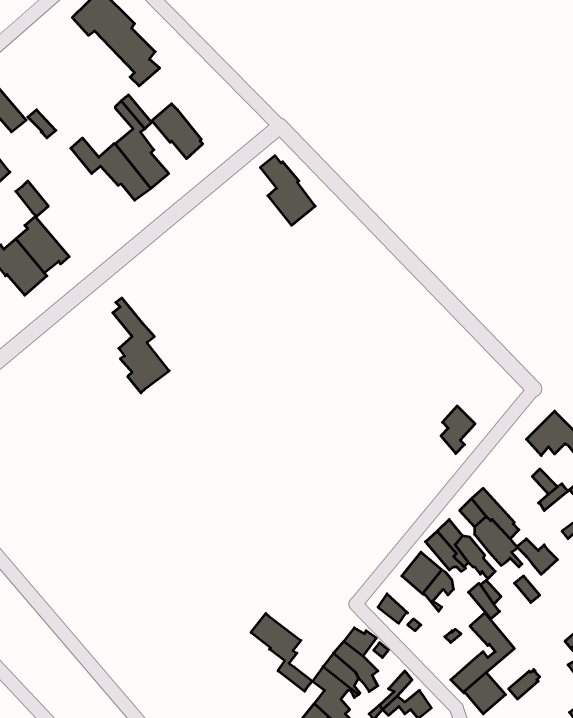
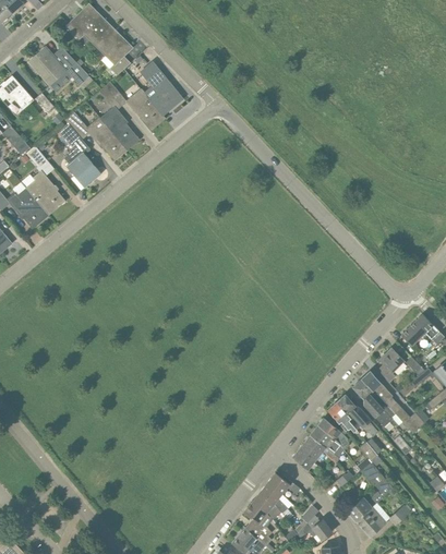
building: none -> [28,46,76,84]
building: [260,156,315,225] -> [140,62,180,113]
building: [113,298,169,393] -> [60,120,101,190]
building: [441,406,475,454] -> [378,347,403,382]
building: none -> [299,434,337,465]
building: [251,613,313,691] -> none

